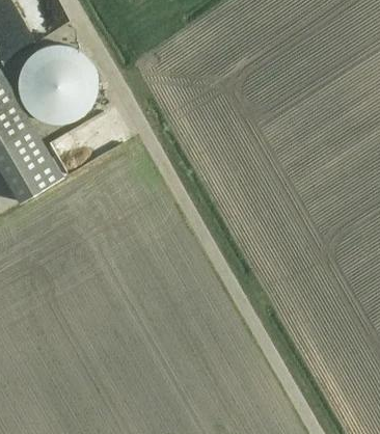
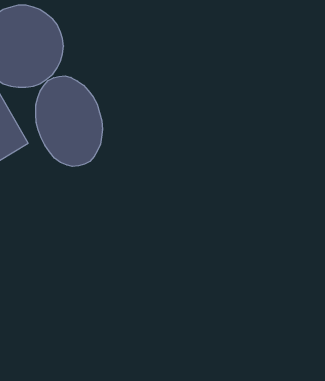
building: none -> [36,76,102,166]

